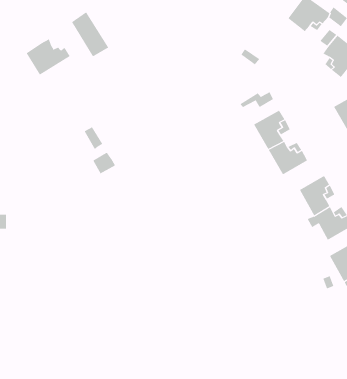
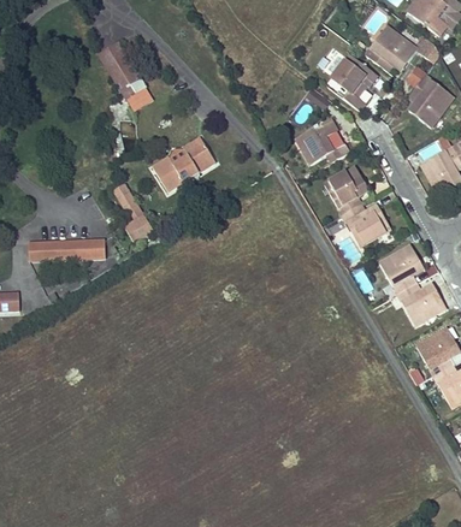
building: none -> [331,53,376,111]
building: [26,38,70,75] -> none
building: none -> [295,118,336,158]
building: none -> [152,140,214,193]
building: none -> [28,242,105,261]

